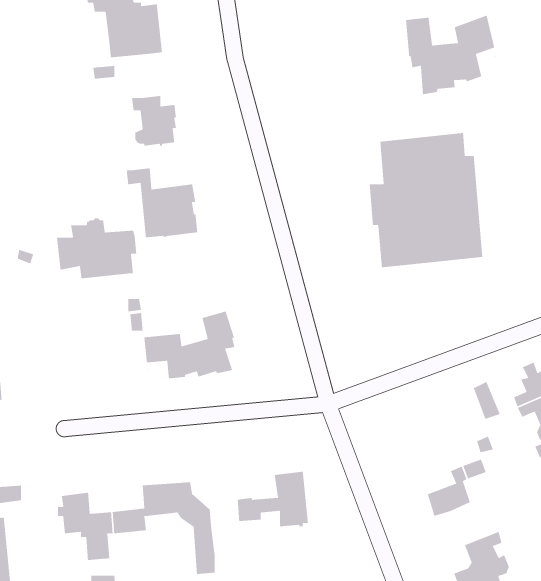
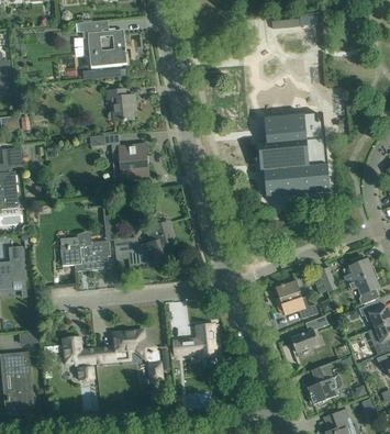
building: [405,14,497,95] -> none
building: [56,218,137,279] -> [59,233,110,271]
building: none -> [274,280,317,319]

